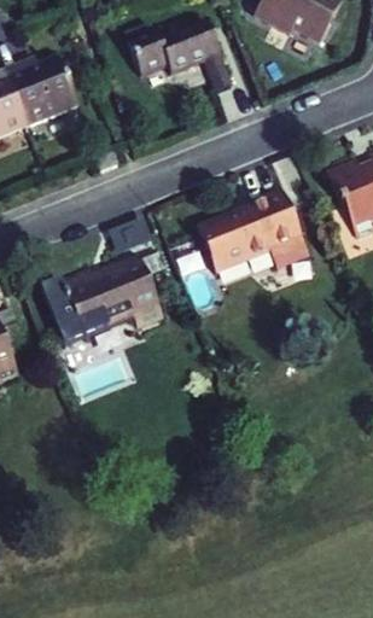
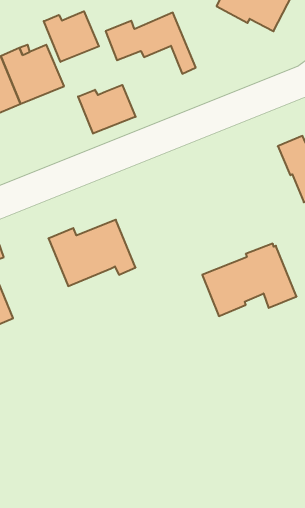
building: none -> [44,11,99,62]
building: none -> [78,85,136,134]
building: [198,191,308,275] -> [202,244,297,316]

